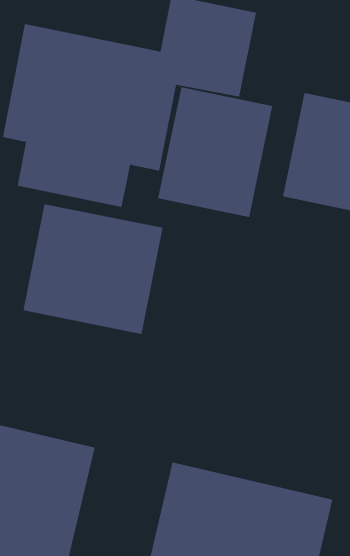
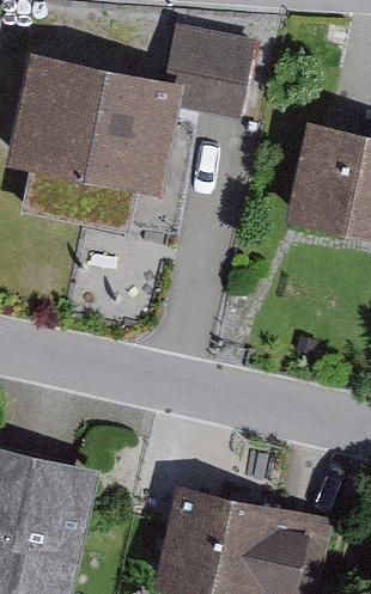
building: [158,87,273,218] -> none
building: [23,204,163,335] -> none

